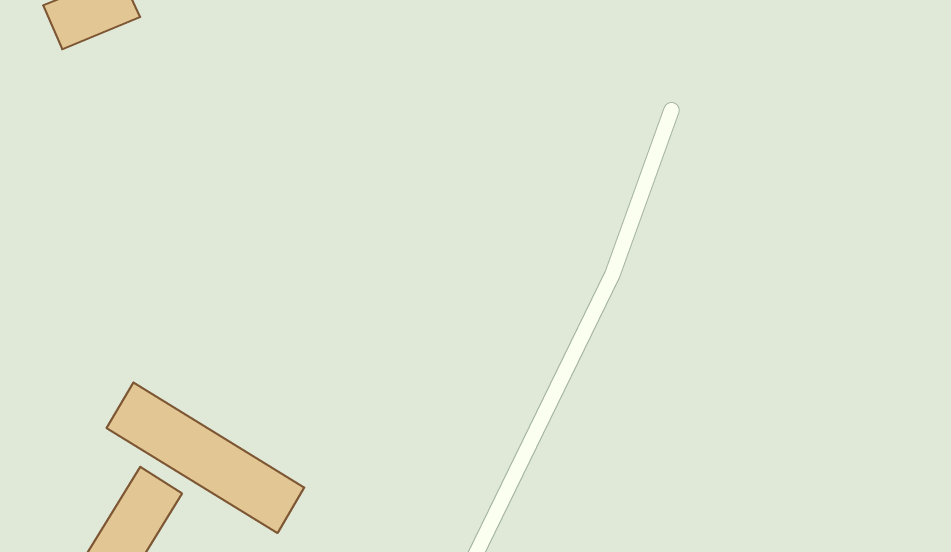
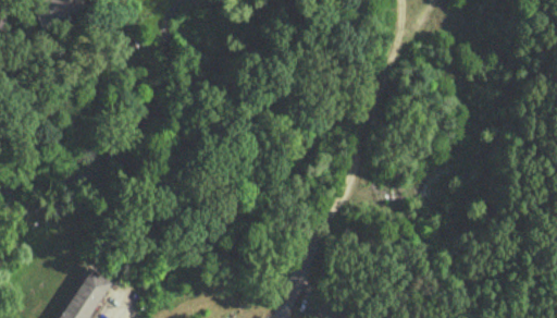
building: [107,382,304,533] -> none

